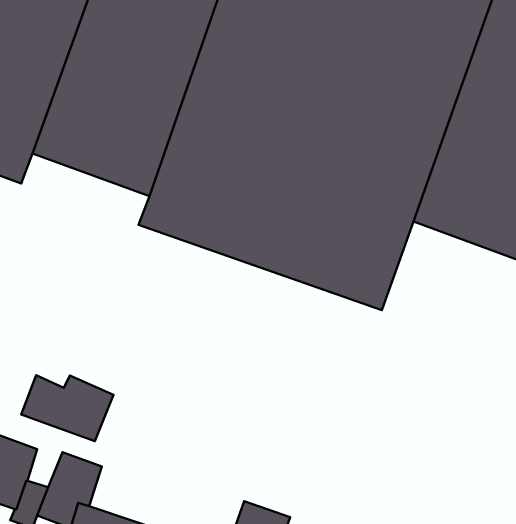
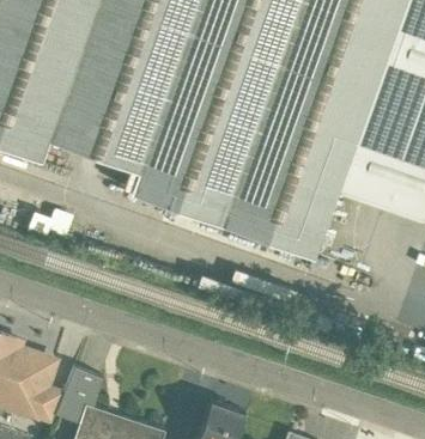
building: [21,375,114,441] -> none

